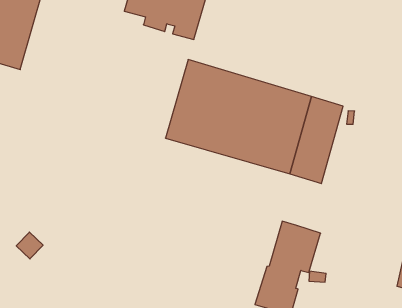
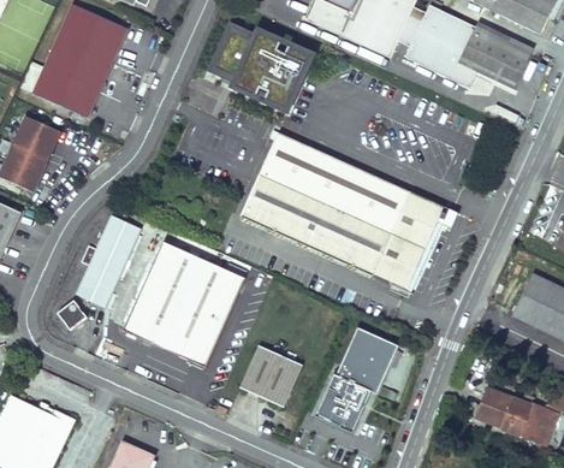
building: none -> [77,215,141,307]
building: none -> [124,241,245,367]
building: none -> [241,345,303,407]

